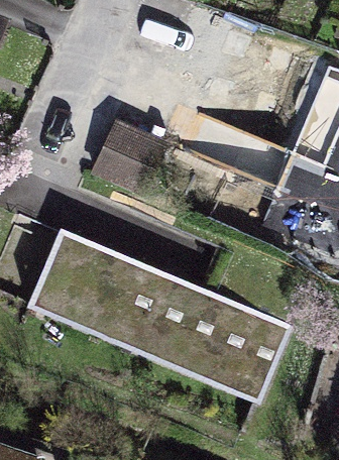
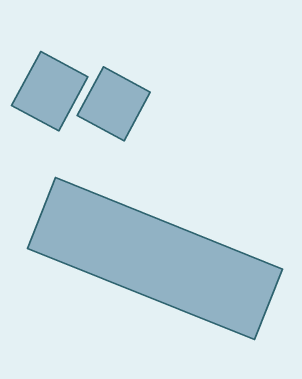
building: none -> [12,52,88,131]

